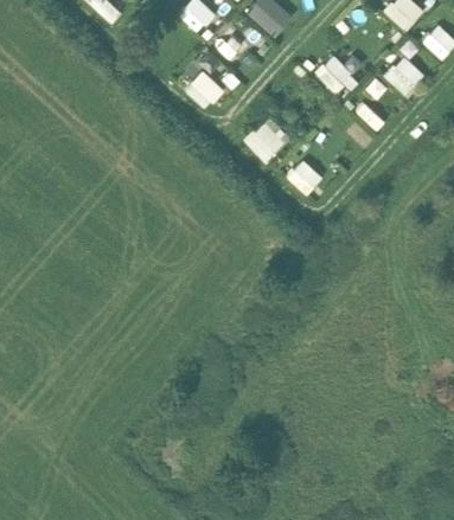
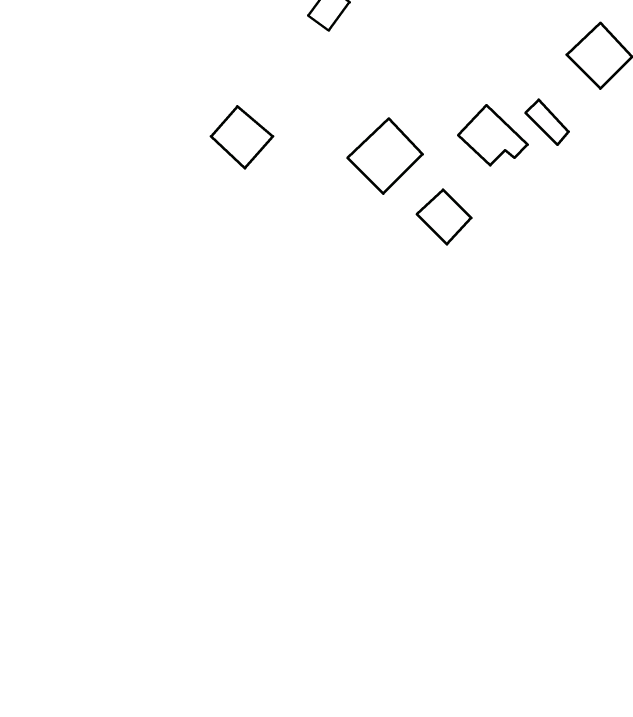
building: [314,56,358,94] -> [458,105,528,165]
building: [184,70,223,109] -> [211,106,273,168]

